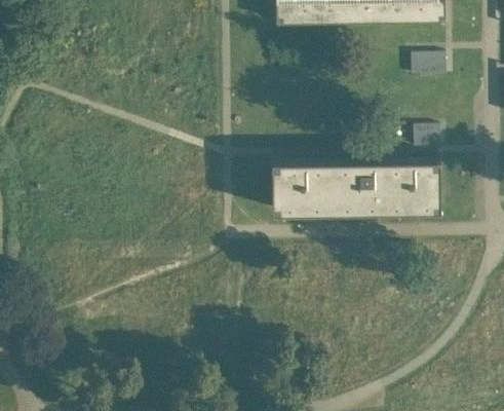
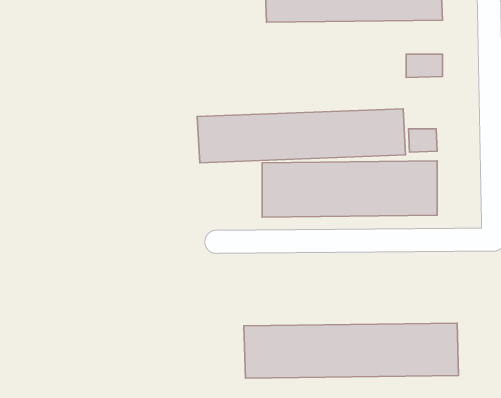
building: none -> [197,109,406,163]
building: none -> [244,323,458,378]

